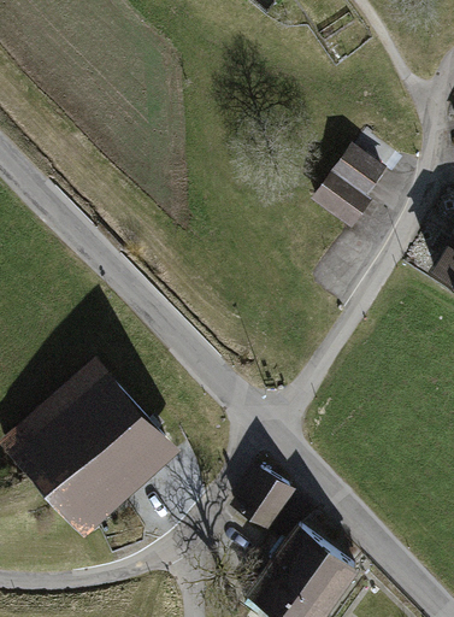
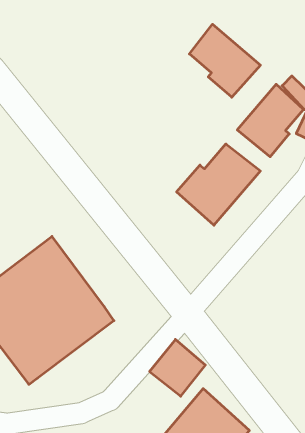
building: none -> [189,24,260,97]
building: none -> [177,144,260,225]

